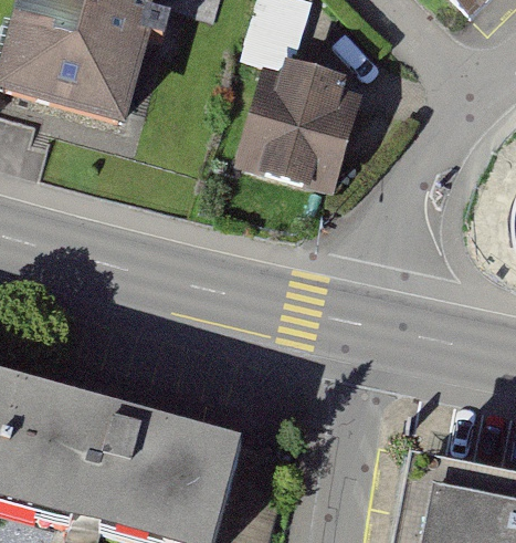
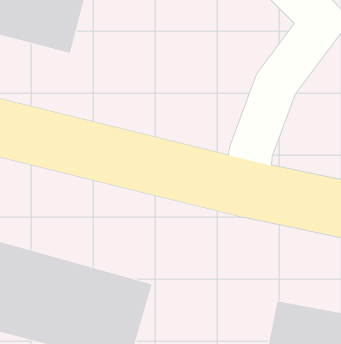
building: [234,65,362,201] -> none

